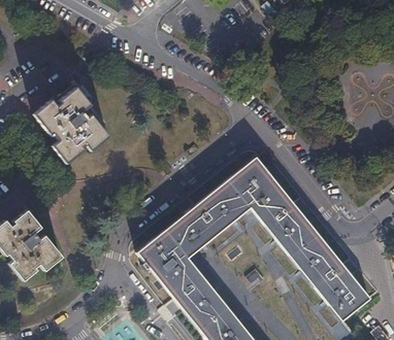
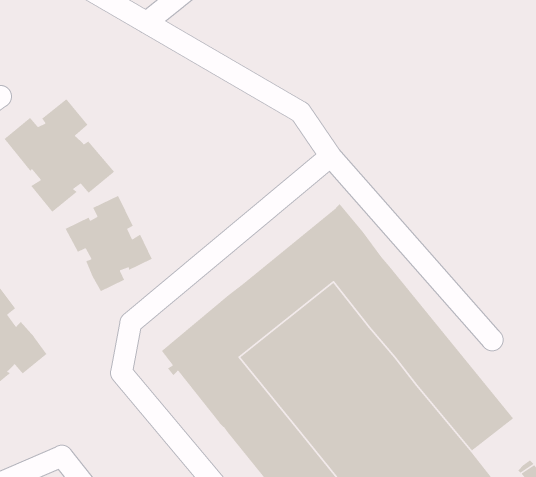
building: none -> [65,195,153,292]

